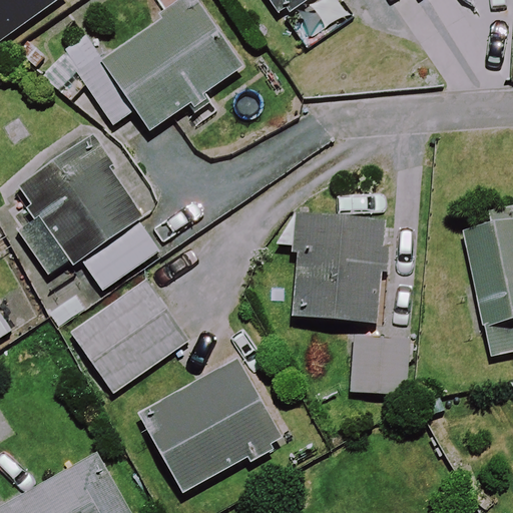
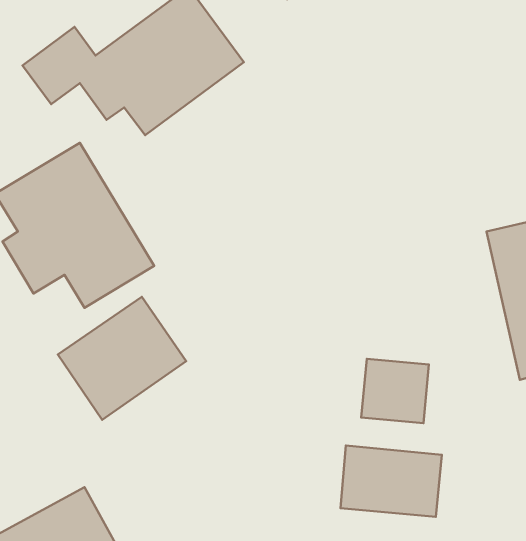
building: [290,215,392,321] -> none
building: [146,361,289,488] -> none
building: none -> [341,445,442,517]

